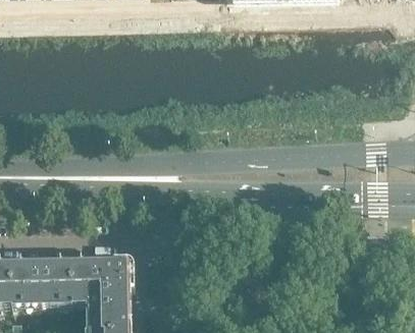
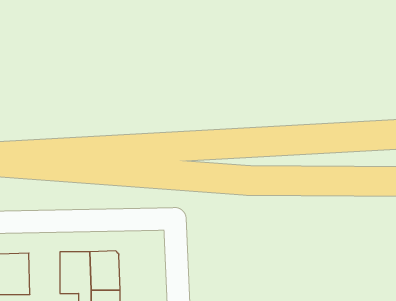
building: [40,257,70,298] -> none

